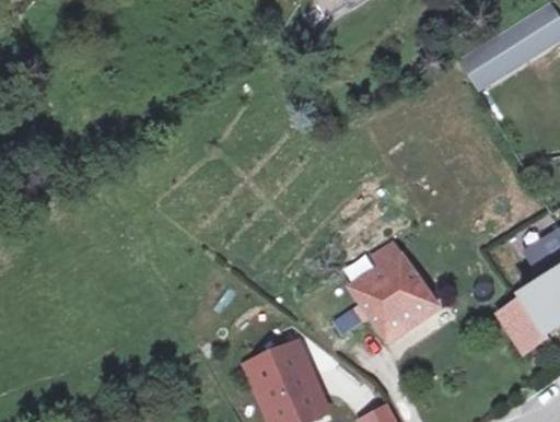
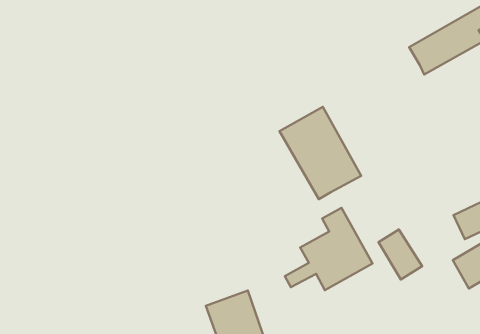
building: none -> [280,107,361,199]
building: [497,297,547,353] -> [378,229,422,280]

